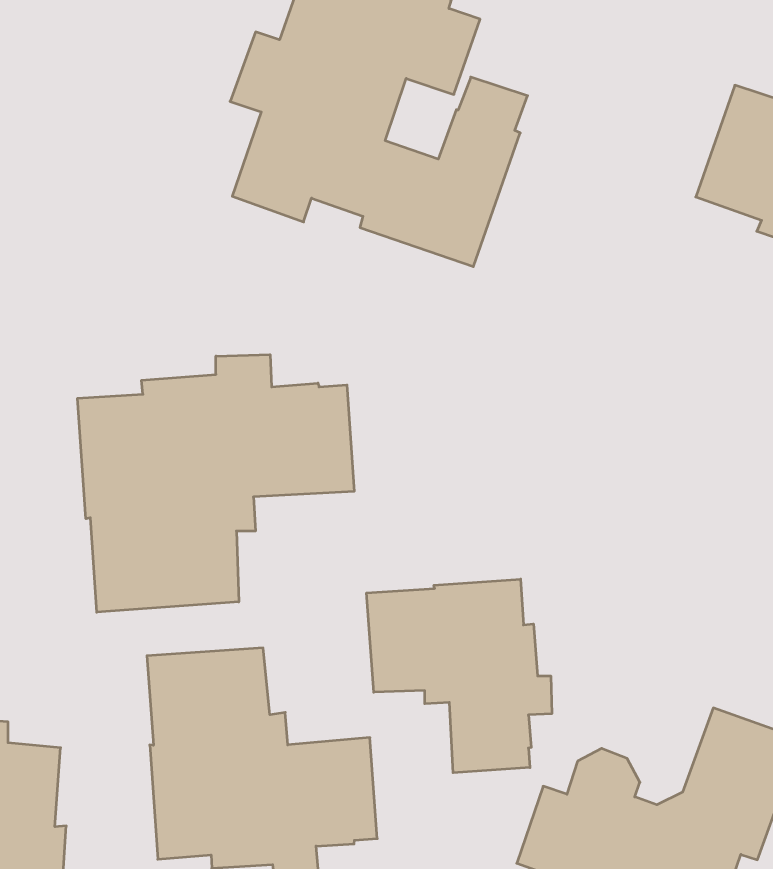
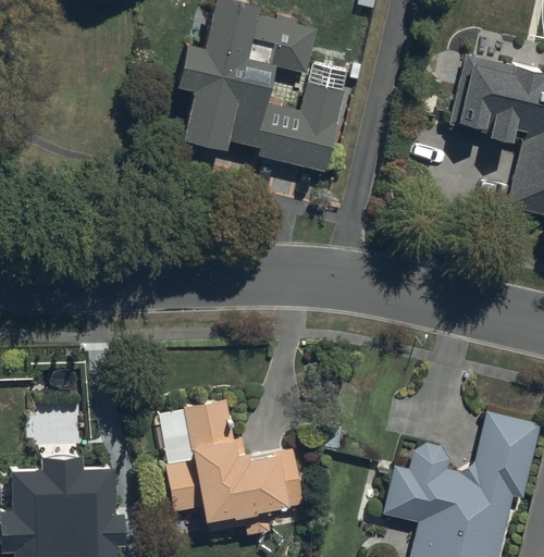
building: [78,355,354,612] -> none
building: [367,579,552,773] -> none

